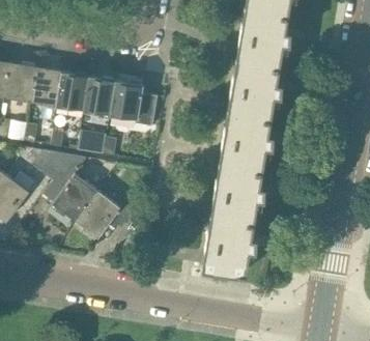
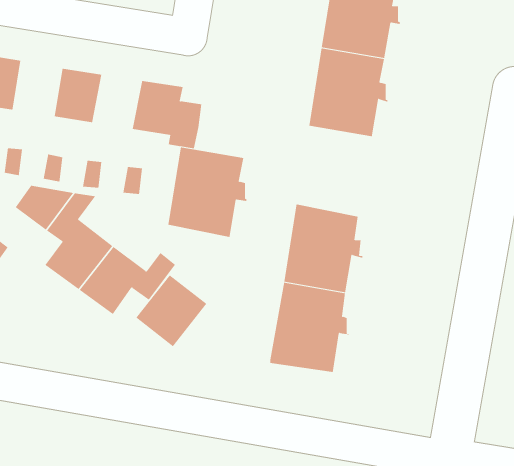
building: [33,67,65,105] -> none
building: [86,77,118,113] -> none
building: [221,111,274,171] -> [168,147,247,237]
building: none -> [136,275,207,347]

